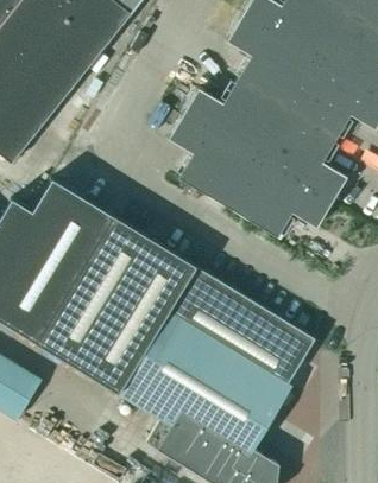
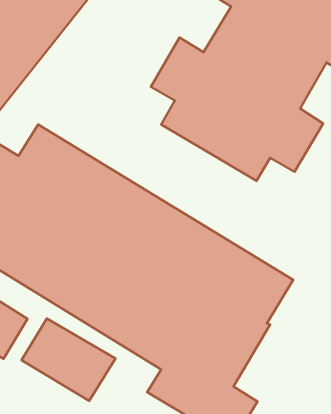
building: none -> [21,318,116,401]

